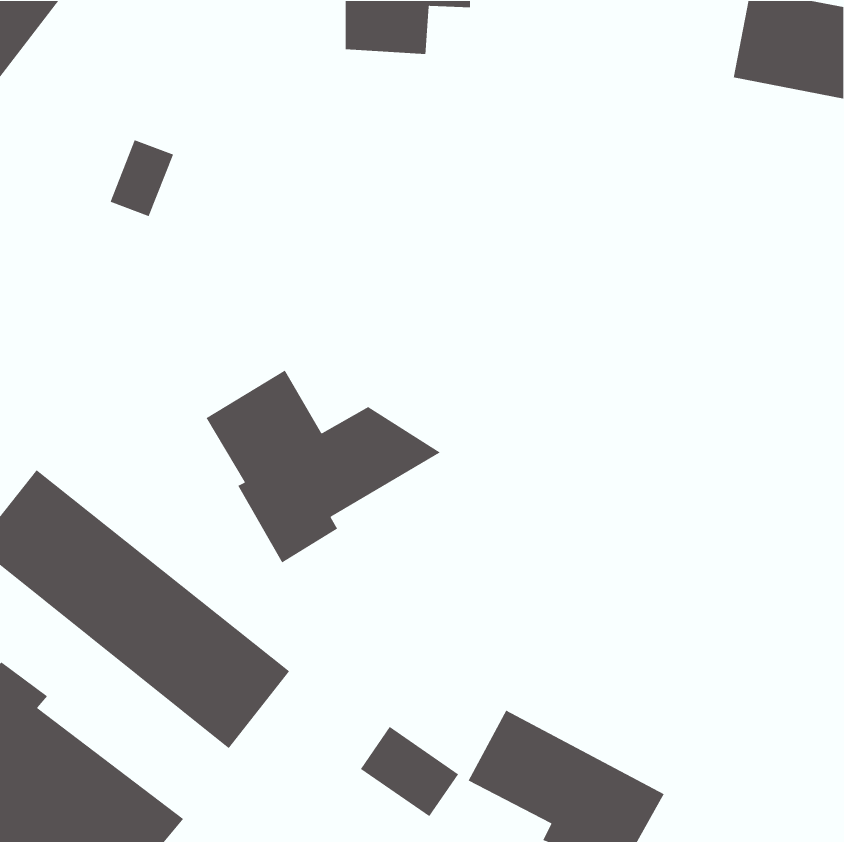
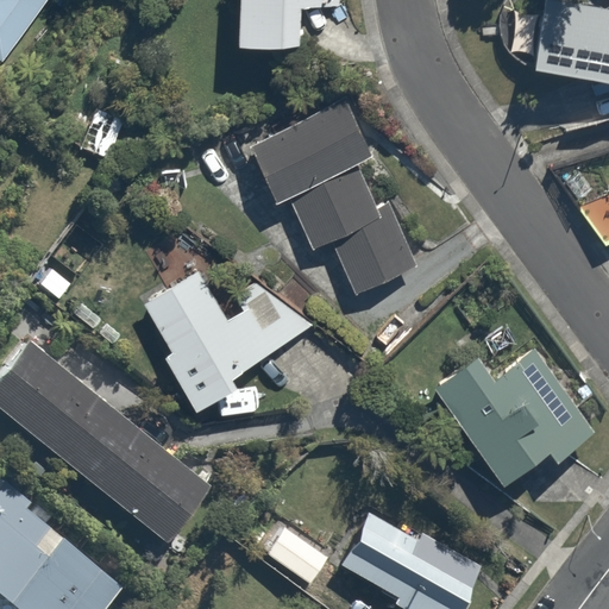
building: none -> [255,99,415,296]
building: none -> [437,347,599,481]

